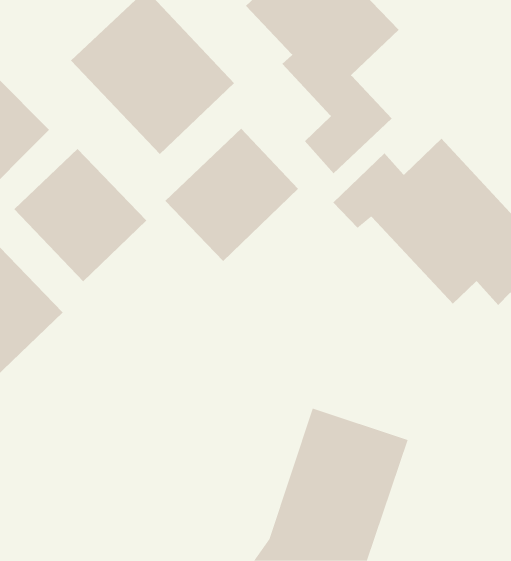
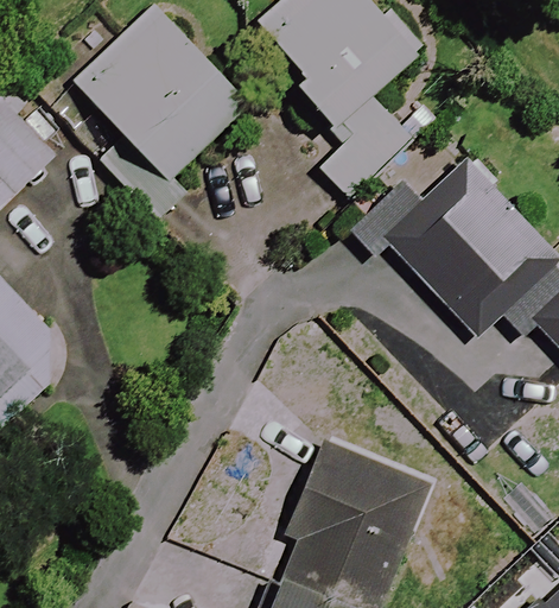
building: [164,128,299,262] -> none
building: [13,148,147,282] -> none

